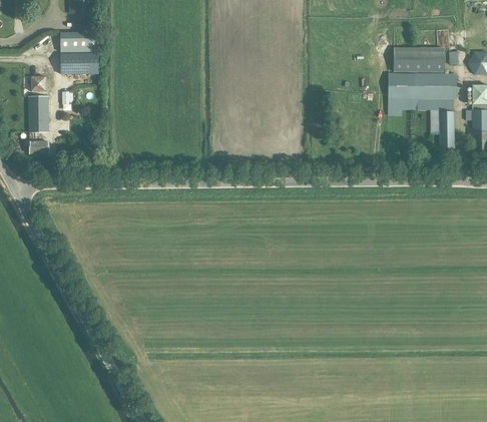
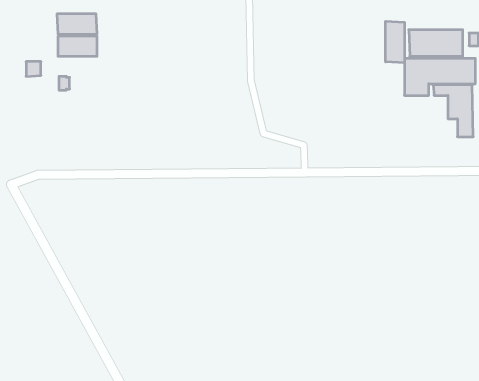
building: none -> [386,21,404,63]
building: [24,96,49,153] -> none

